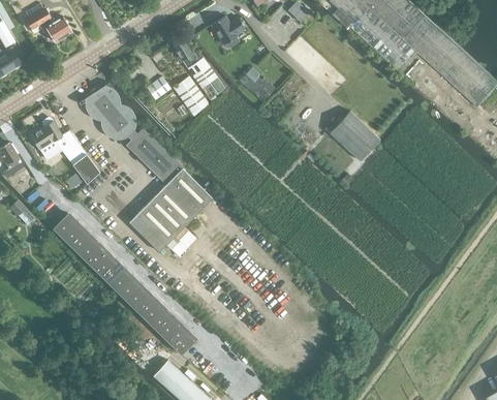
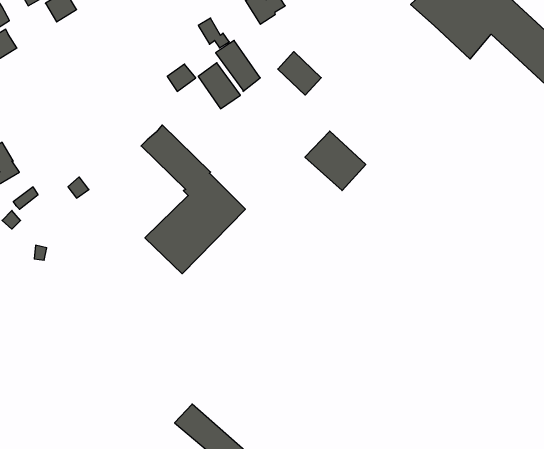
building: [85,86,137,140] -> none
building: [329,111,379,160] -> [305,131,366,191]
building: [31,117,99,183] -> none
building: [53,213,195,353] -> none

